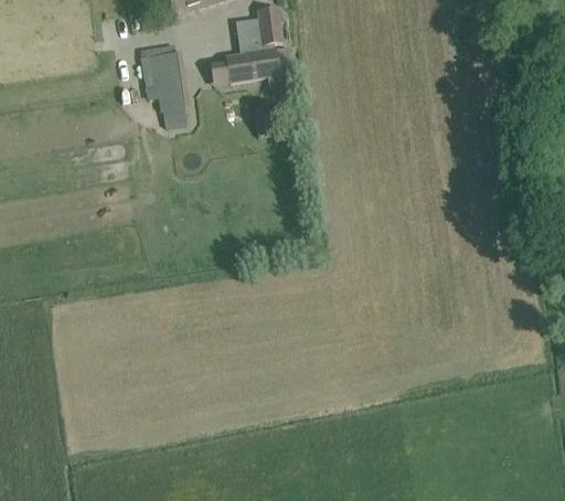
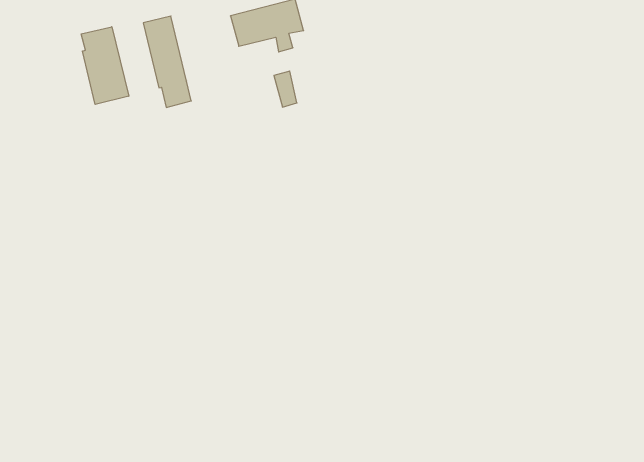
building: none -> [81,27,129,104]

